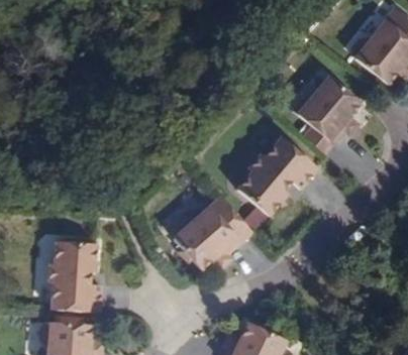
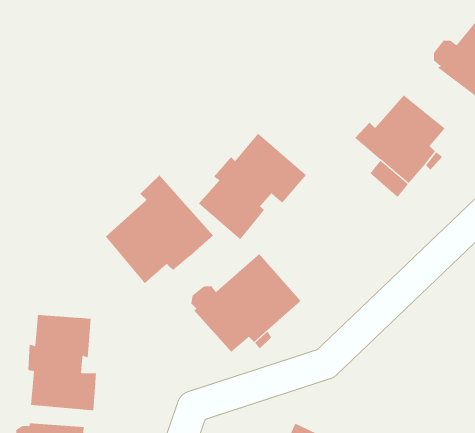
building: [236,136,317,216] -> [198,133,307,240]
building: none -> [105,174,214,284]

